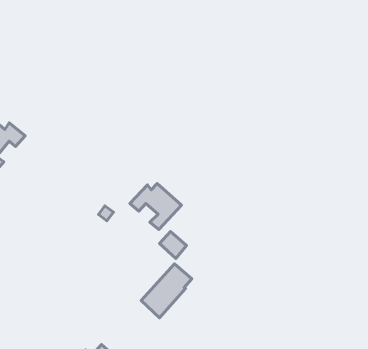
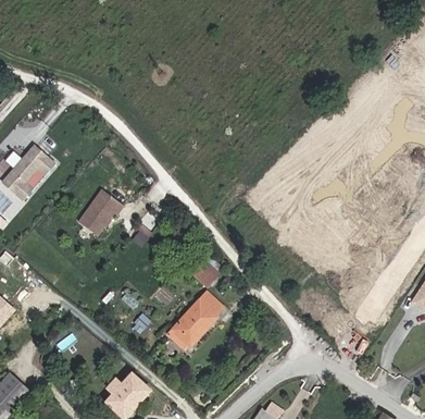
building: none -> [76,193,122,238]
building: [130,184,181,230] -> none

